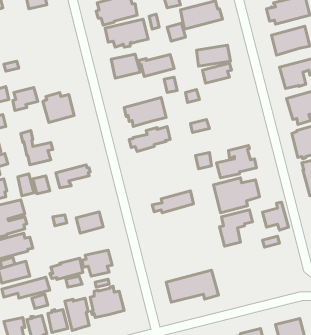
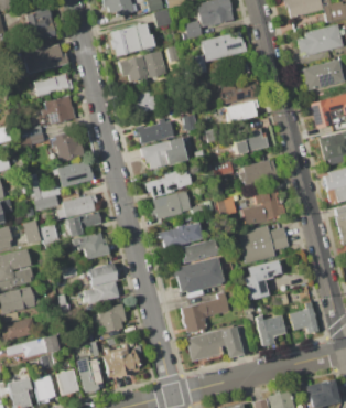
building: none -> [23,44,68,73]
building: none -> [34,73,74,96]
building: [138,54,174,76] -> [134,120,174,144]
building: none -> [41,95,75,124]
building: none -> [233,128,268,153]
building: none -> [239,159,278,185]
building: none -> [53,160,94,187]
building: none -> [150,191,191,219]
building: none -> [56,194,97,218]
building: none -> [158,222,202,248]
building: none -> [72,232,108,258]
building: [262,202,289,230] -> [290,302,318,333]
building: none -> [172,257,223,297]
building: none -> [181,292,230,333]
building: [50,258,83,279] -> [83,281,119,304]
building: none -> [256,314,284,345]

